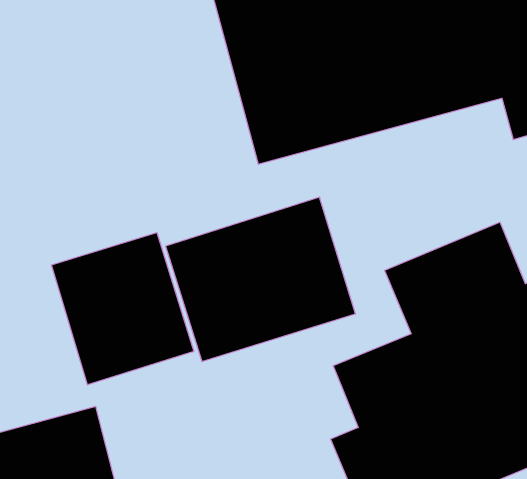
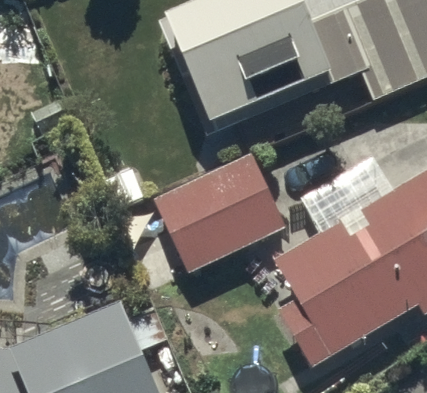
building: [52,233,194,385] -> none

